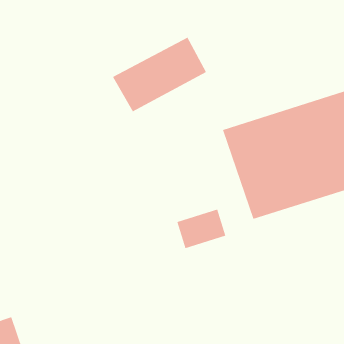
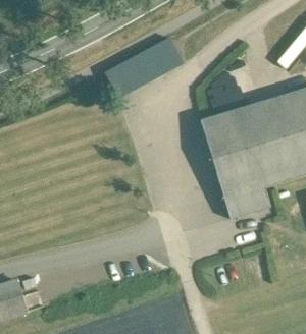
building: [177,209,226,249] -> [225,187,268,222]

